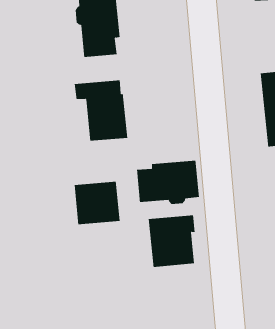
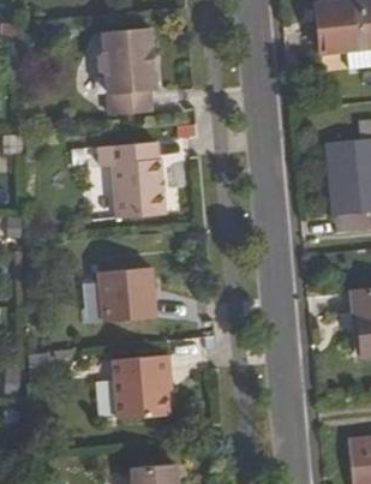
building: [137,160,199,205] -> none
building: [148,215,196,267] -> [112,354,170,419]

